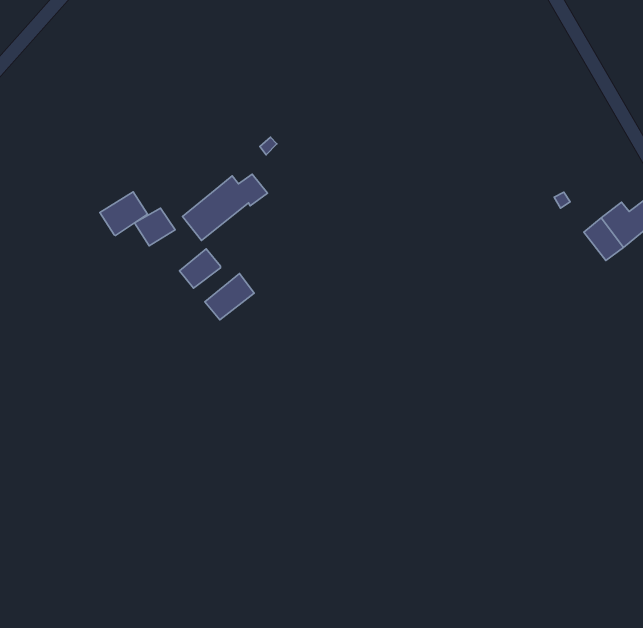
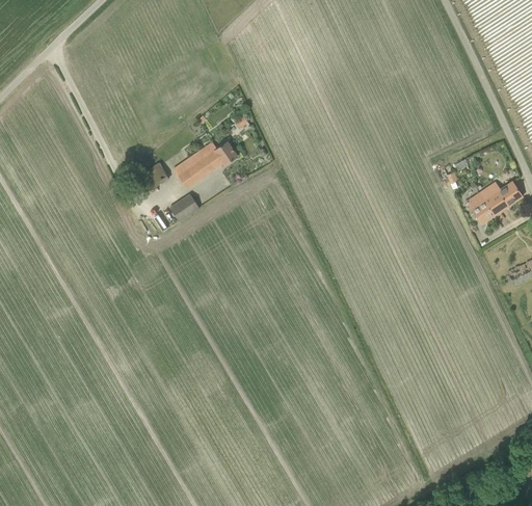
building: [100,192,147,236] -> none
building: [205,274,254,320] -> none

